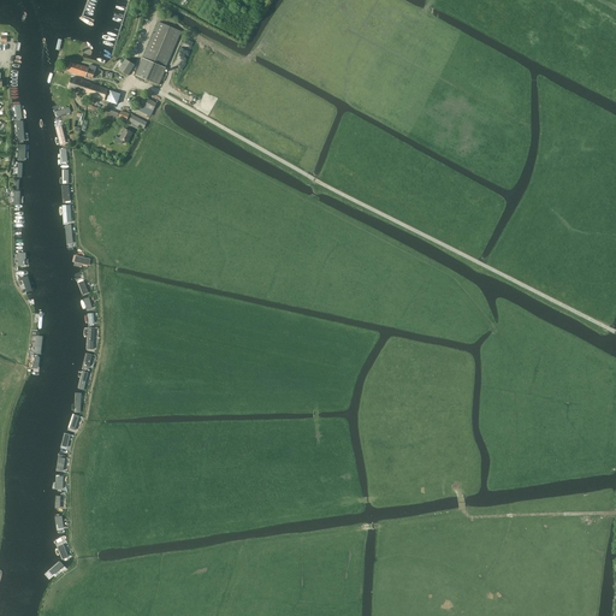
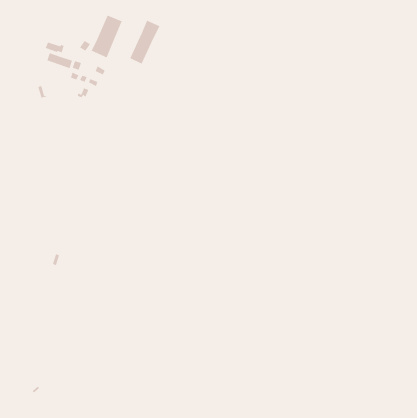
building: none -> [129,20,160,65]

